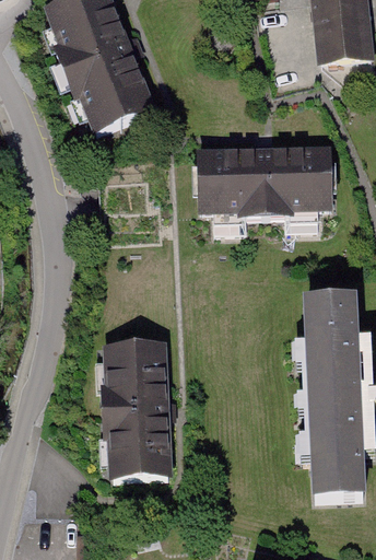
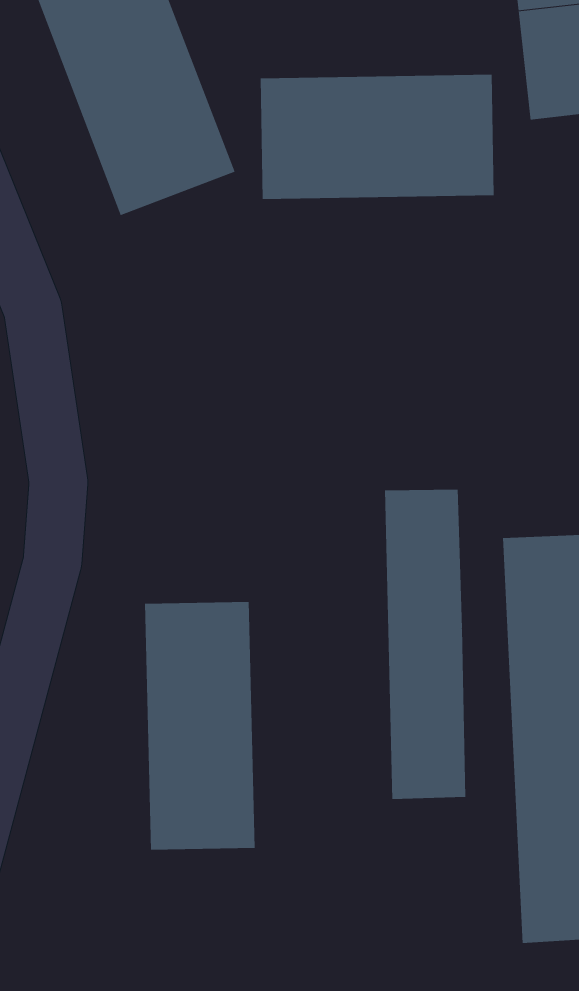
building: [201,149,330,218] -> [260,74,494,199]
building: none -> [384,489,466,800]

